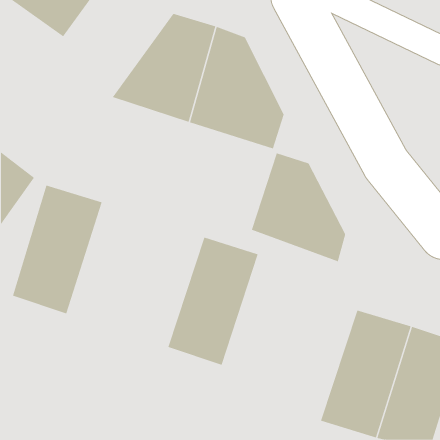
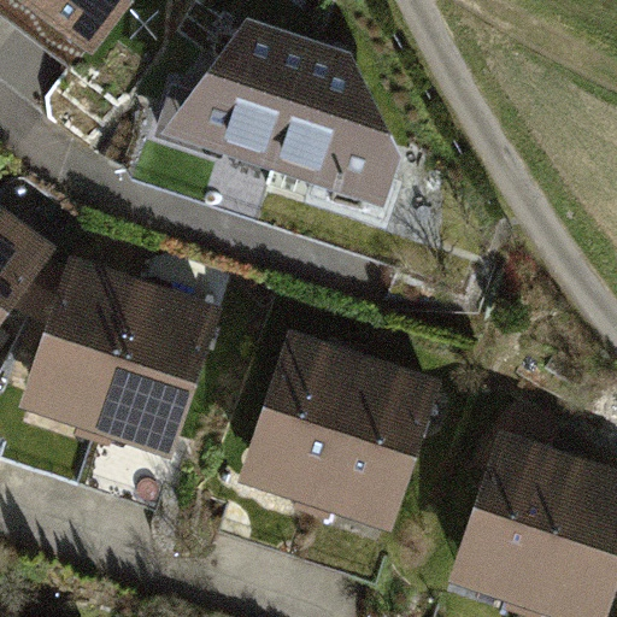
building: [251,152,346,262] -> none
building: none -> [98,281,219,459]
building: none -> [313,353,440,531]

